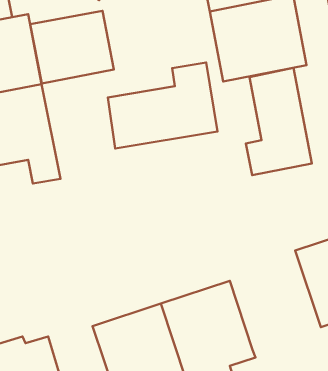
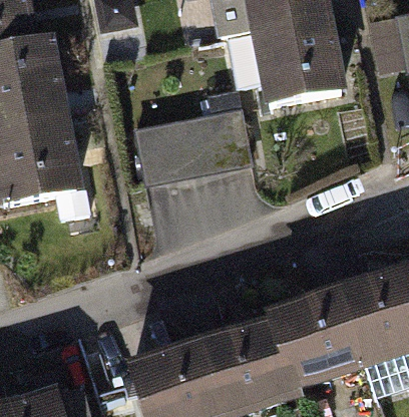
building: [30,11,114,83] -> none
building: [246,68,312,175] -> none
building: none -> [265,289,364,394]

